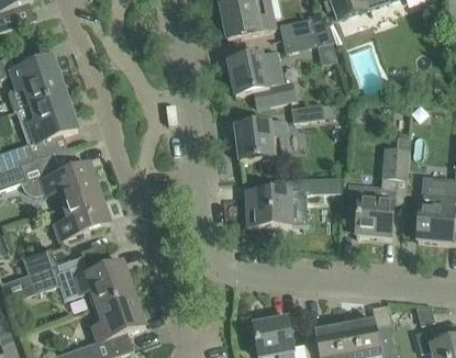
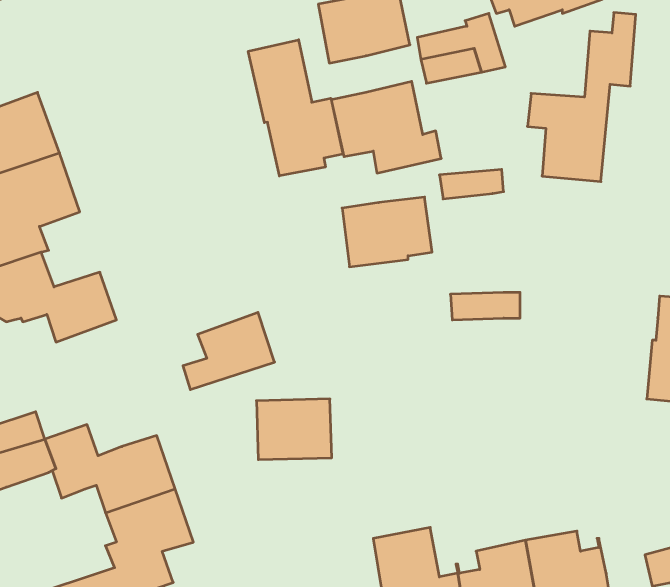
building: none -> [248,40,343,176]
building: [347,136,412,237] -> [527,13,636,182]
building: [247,189,292,225] -> [256,399,332,460]
building: [55,192,110,238] -> [183,312,275,390]

